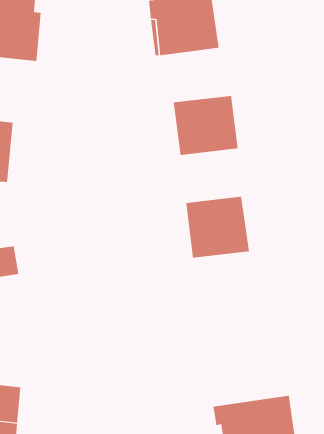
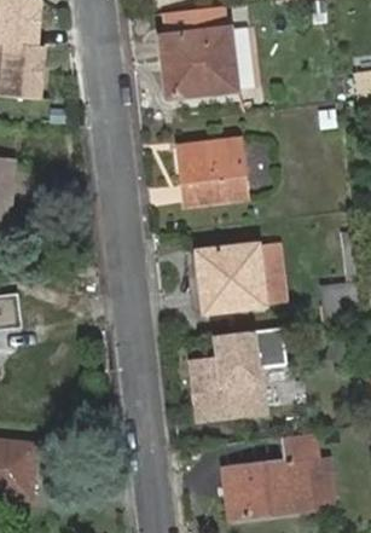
building: none -> [186,324,288,421]

